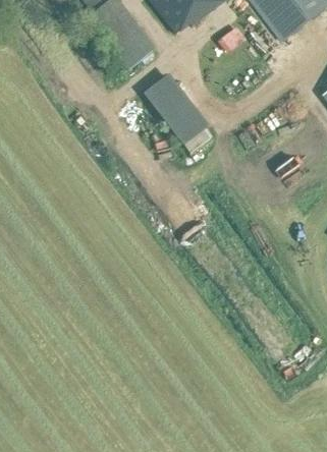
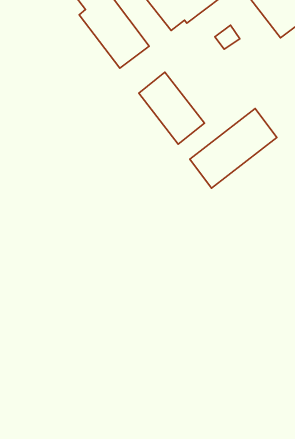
building: none -> [190,108,277,188]

